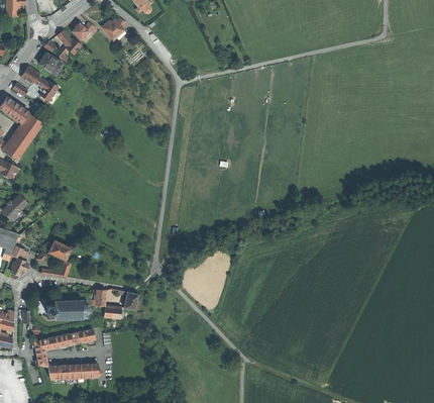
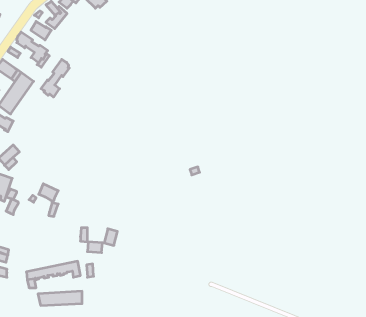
building: none -> [41,59,69,97]
building: [46,300,90,318] -> none

